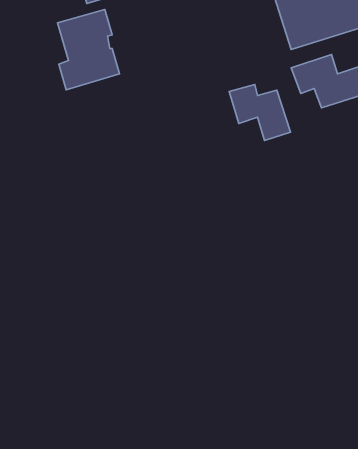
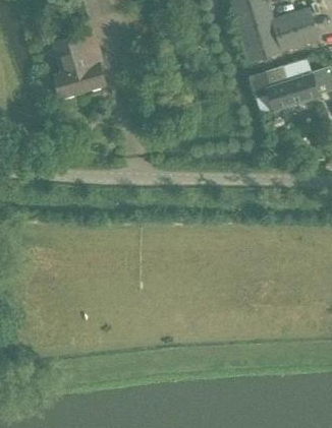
building: [229,84,290,141] -> none

